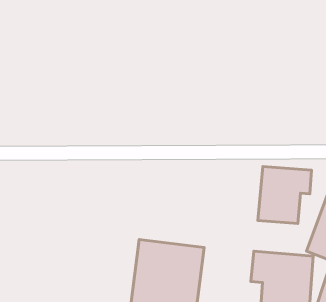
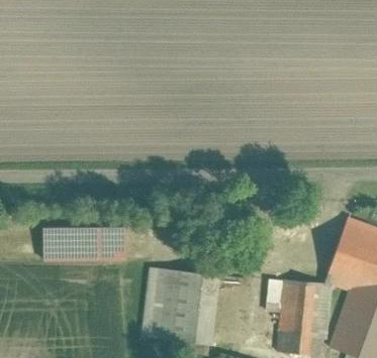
building: [258,167,311,224] -> none
building: none -> [41,226,124,259]

